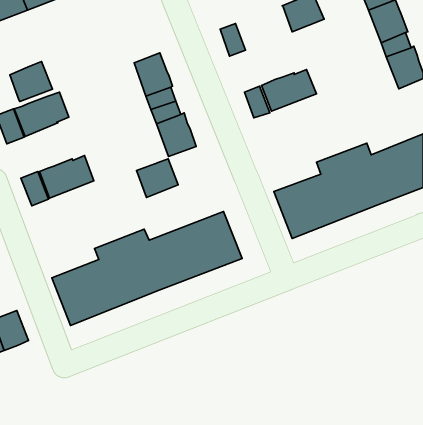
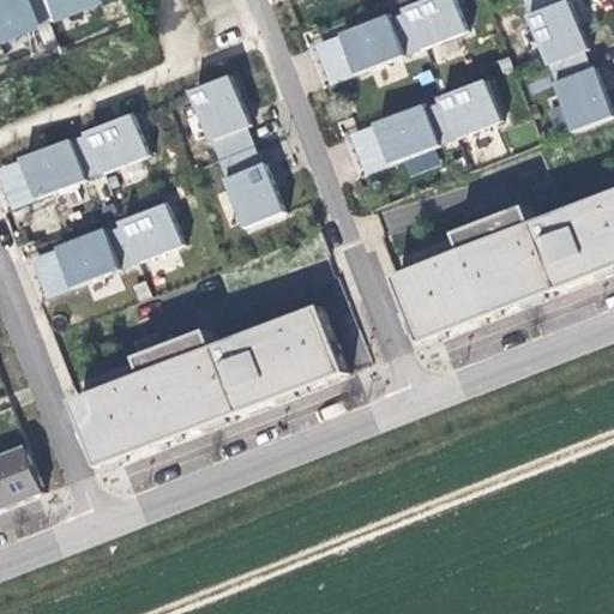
building: none -> [339,10,419,71]
building: none -> [438,79,499,134]
building: [10,61,52,102] -> [85,113,146,170]
building: [136,159,178,197] -> [120,204,180,259]

